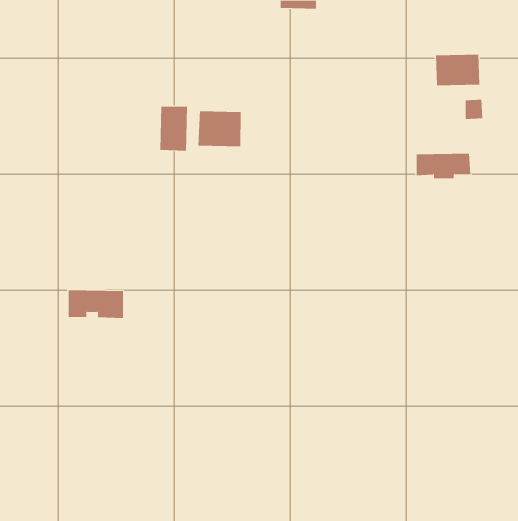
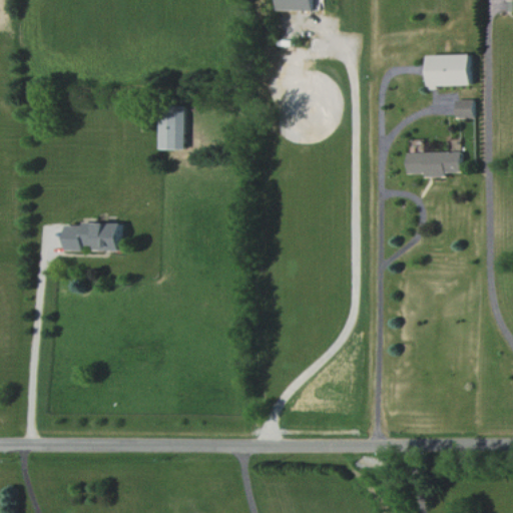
building: [198,111,241,147] -> none
building: [68,290,124,319] -> [63,222,118,250]

